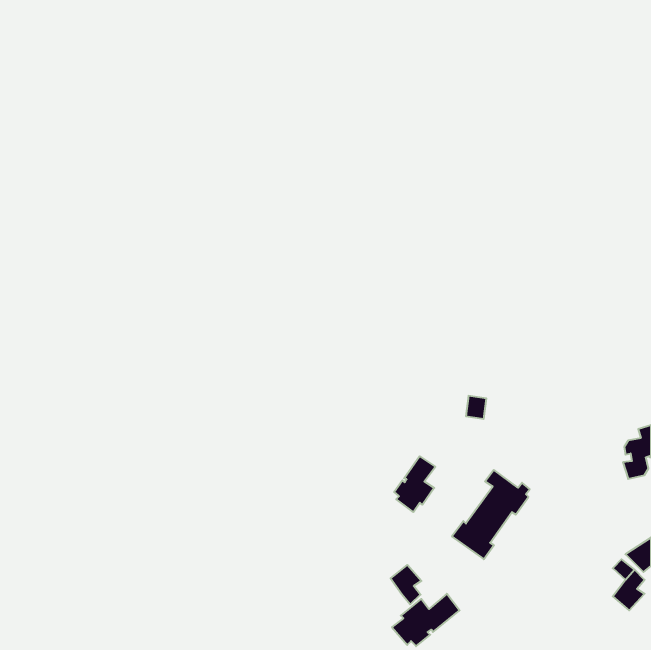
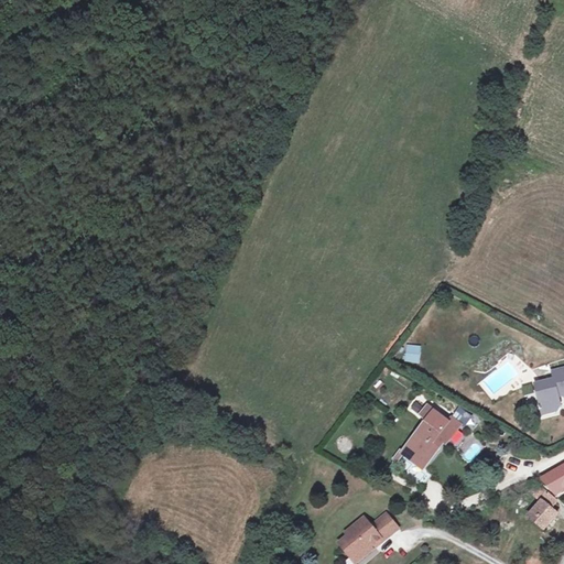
building: [394,456,435,512] -> none
building: [391,565,421,604] -> none

